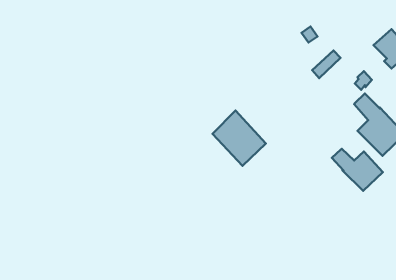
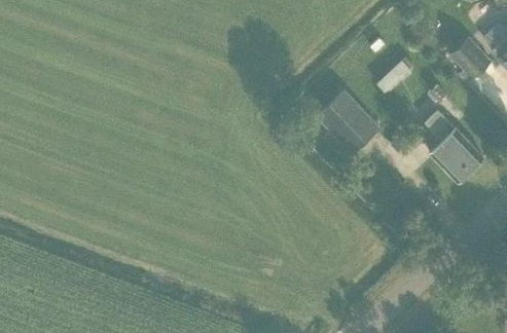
building: [212,111,266,166] -> [319,90,381,154]
building: [332,149,383,191] -> none

